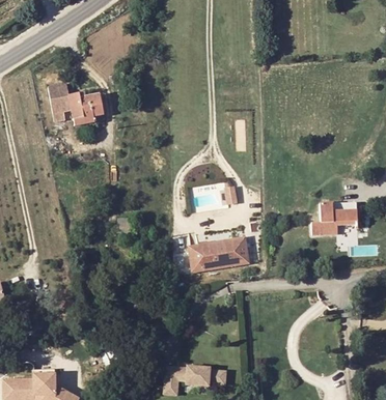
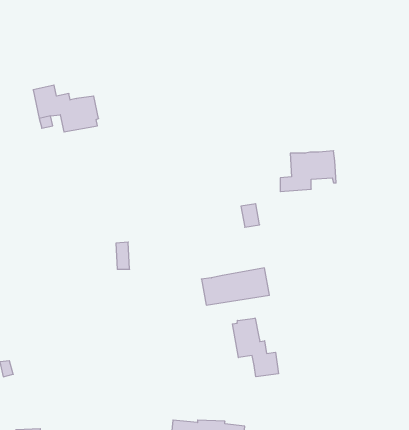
building: [311,201,358,235] -> [280,151,336,192]
building: none -> [232,318,278,377]

